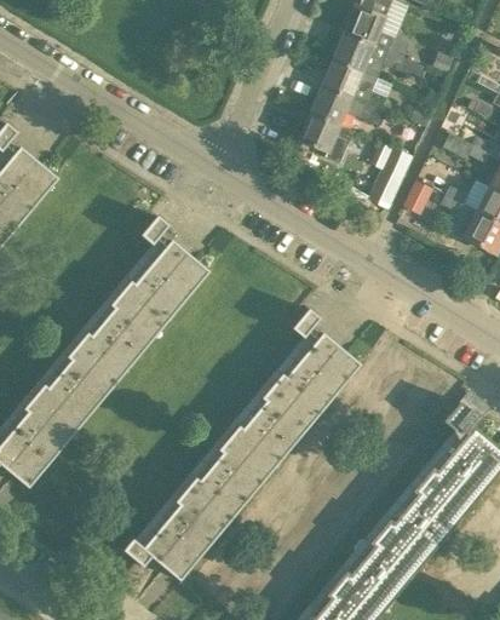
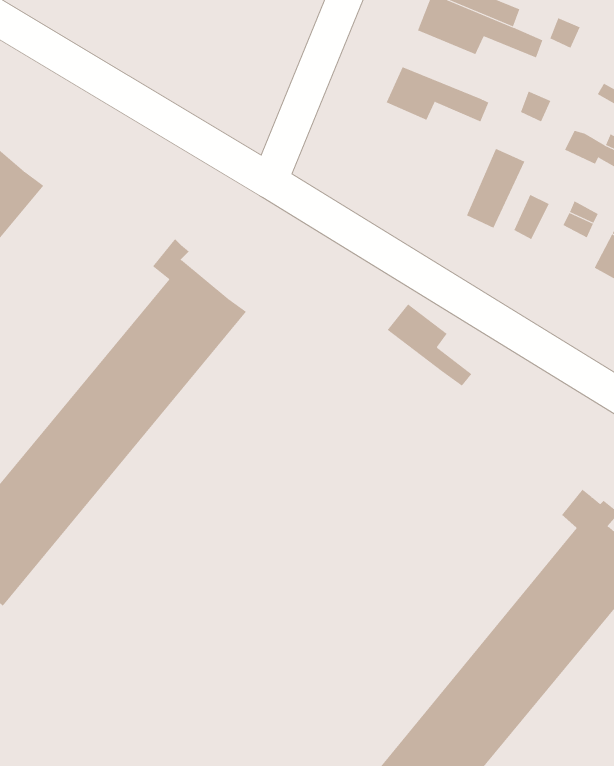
building: [323,62,389,113] -> none
building: [300,115,355,156] -> none
building: none -> [387,304,472,386]
building: [125,309,357,582] -> none

